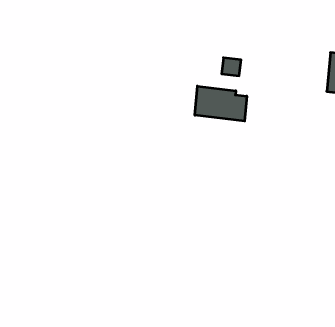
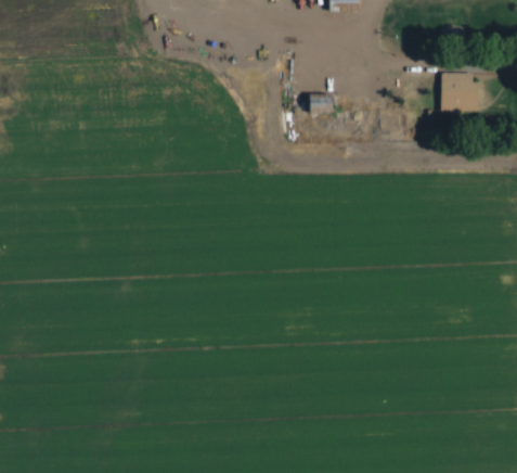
building: [195,86,247,121] -> none

